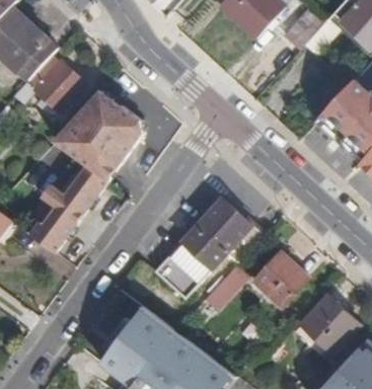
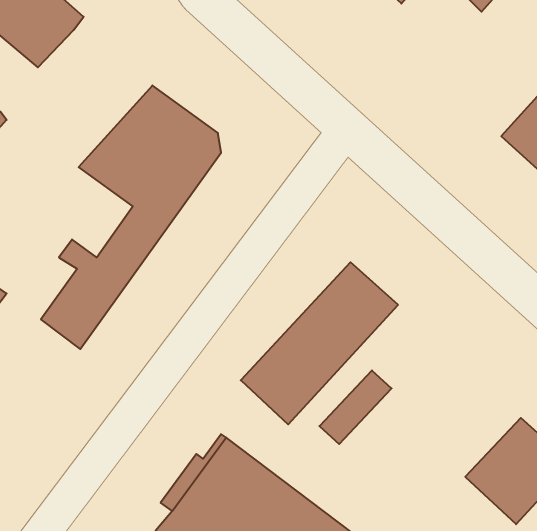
building: [15,55,85,110] -> none
building: [254,251,308,305] -> none

